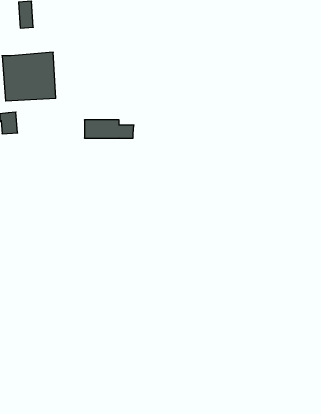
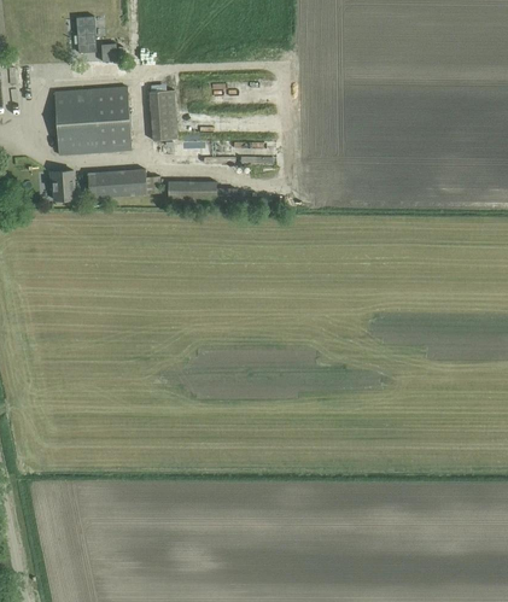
building: none -> [148,90,177,141]
building: none -> [88,170,164,198]

